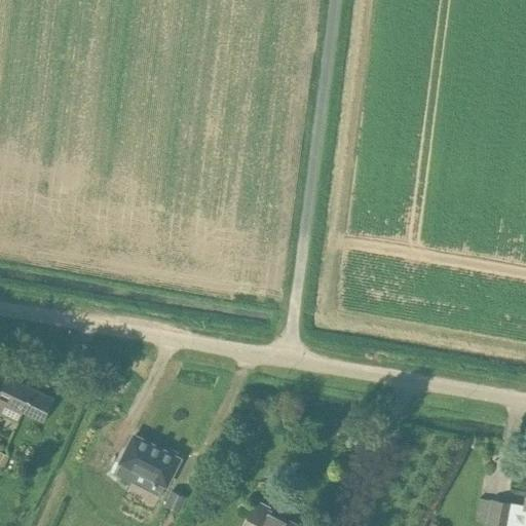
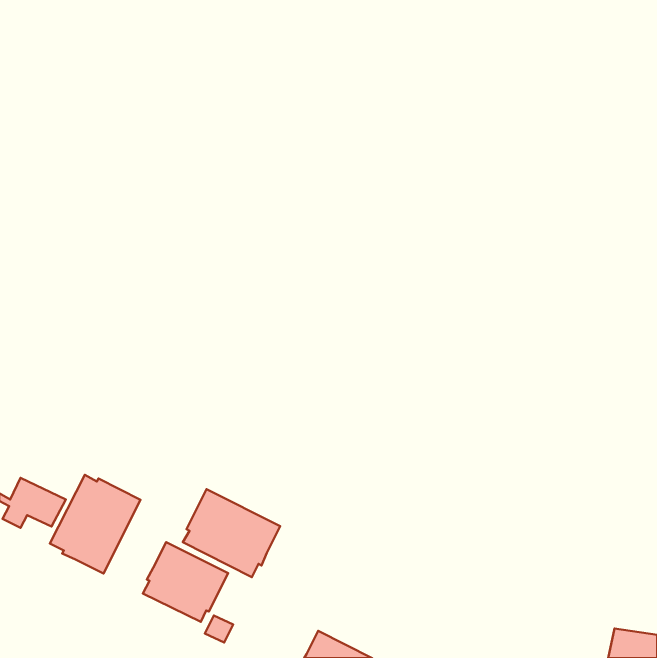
building: none -> [50,475,141,574]
building: none -> [183,489,280,577]

